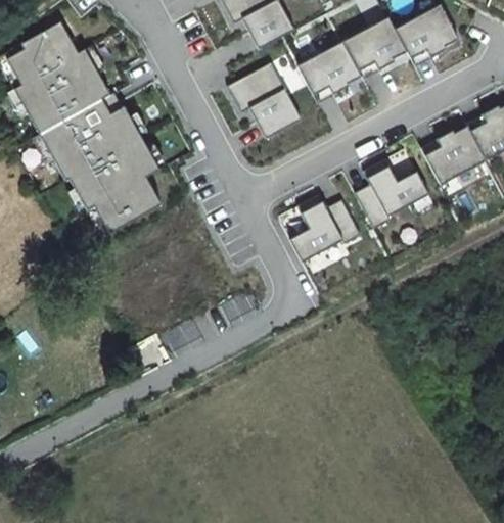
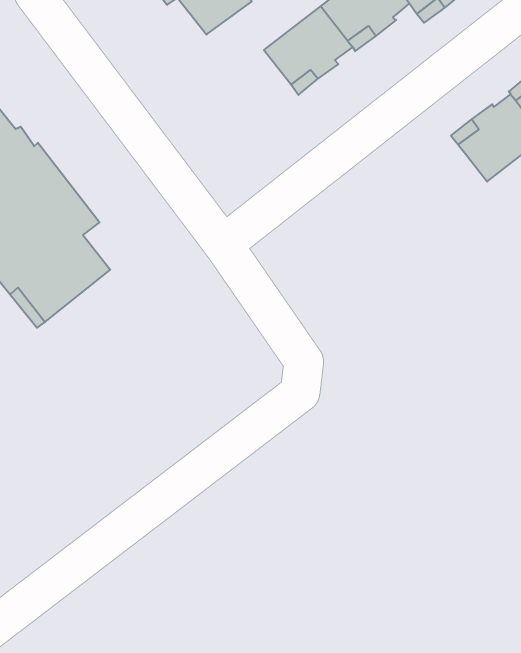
building: [227,61,302,138] -> none
building: [354,158,428,227] -> none
building: [288,193,360,262] -> none

